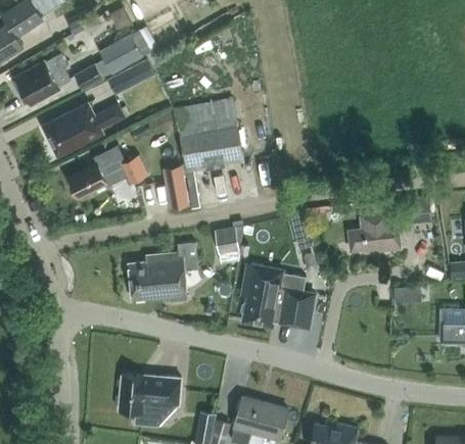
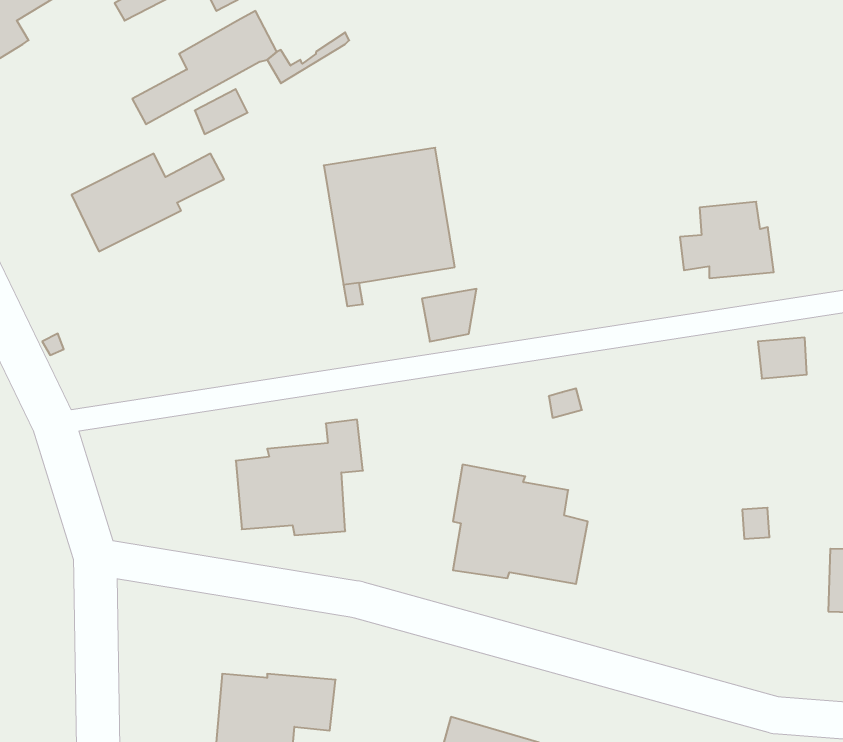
building: [12,53,68,102] -> none
building: [68,145,148,197] -> none
building: [166,179,189,209] -> none
building: [350,212,399,252] -> [680,202,774,278]
building: [214,226,242,253] -> [422,289,477,342]

